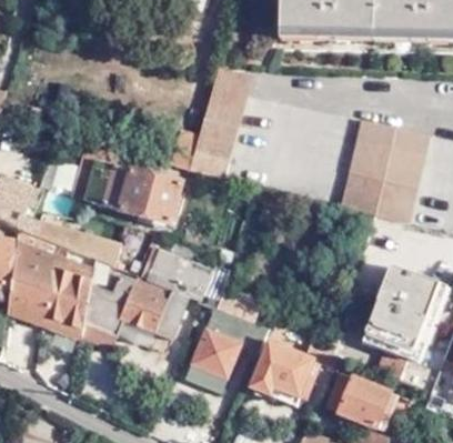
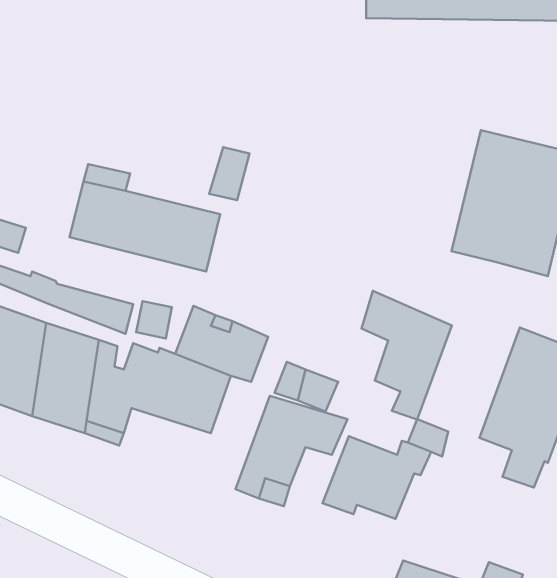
building: [190,69,253,181] -> none
building: none -> [362,291,452,420]
building: [331,373,402,427] -> none

